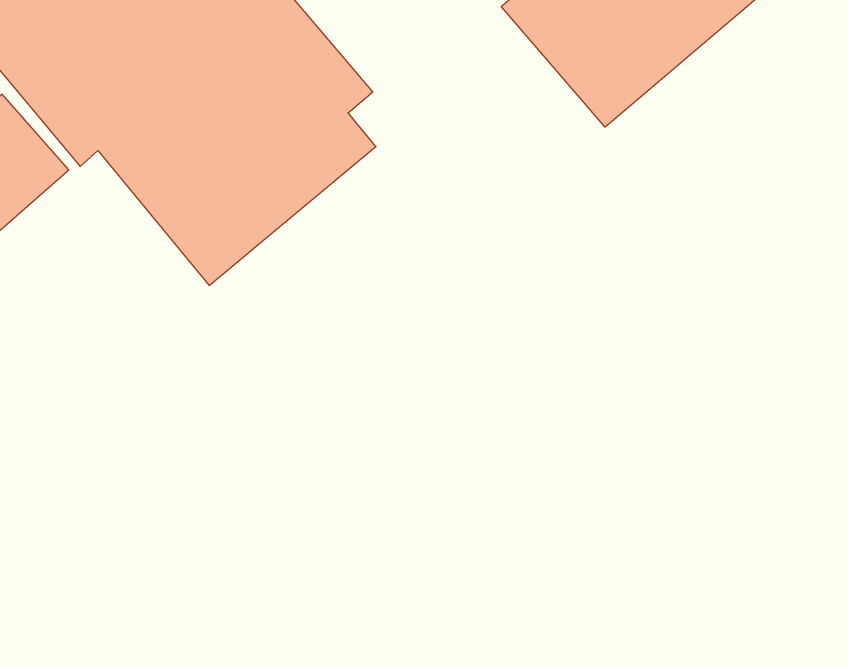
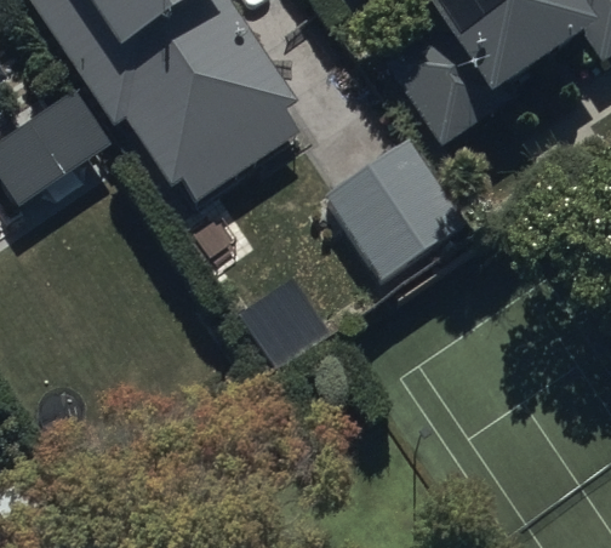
building: none -> [327,135,469,278]

